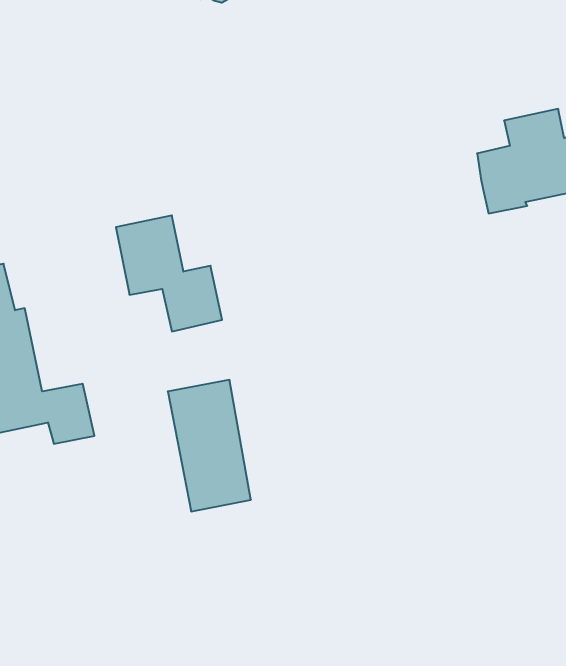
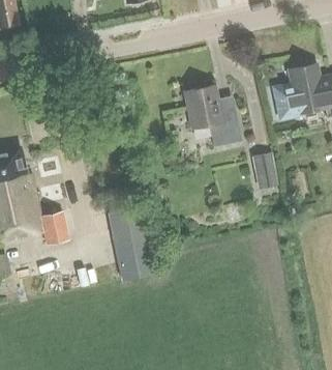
building: [116,215,222,331] -> [184,84,241,146]
building: none -> [254,152,277,188]

